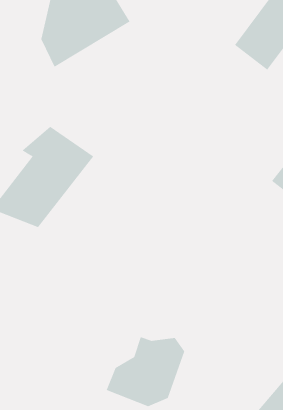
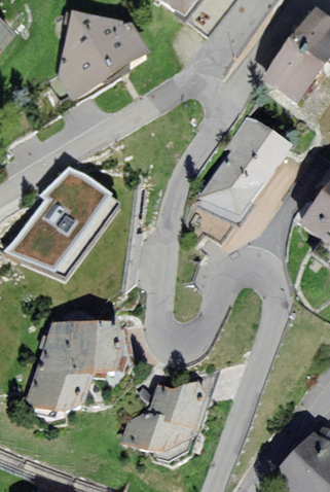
building: none -> [196,115,292,225]
building: none -> [23,319,113,411]

